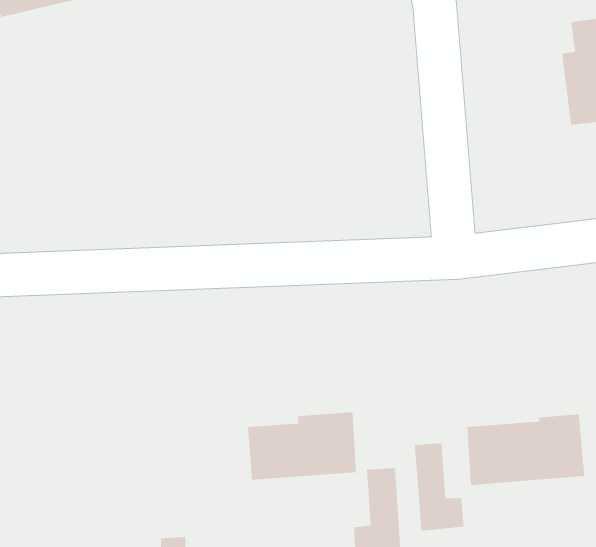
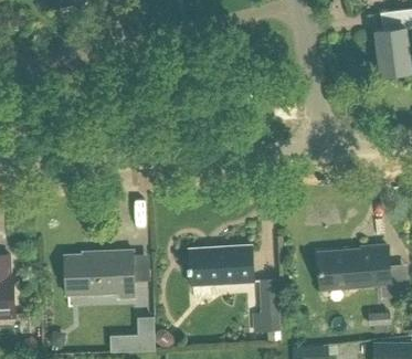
building: none -> [64,251,134,299]
building: [414,442,465,532] -> none

